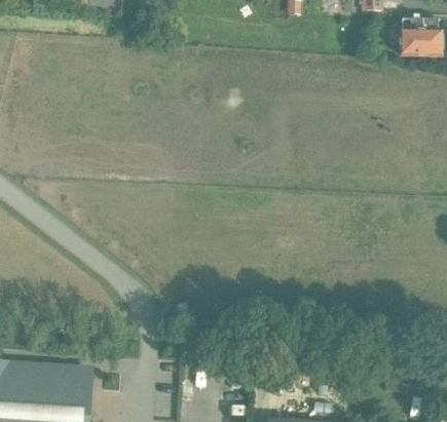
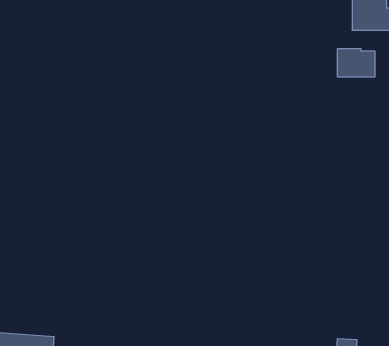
building: none -> [338,49,375,77]

